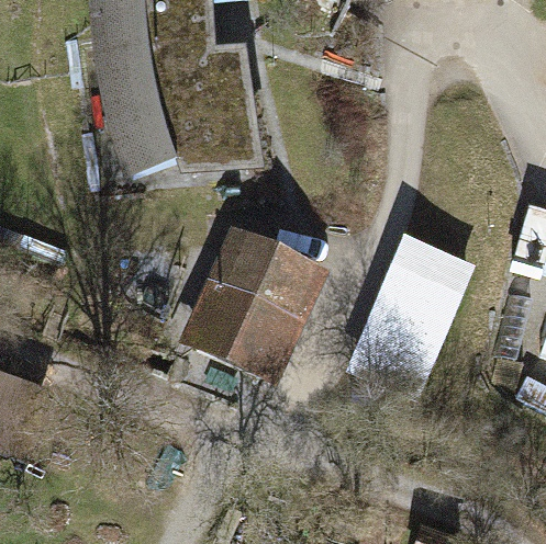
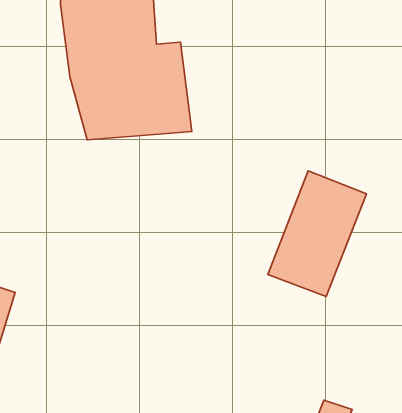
building: [187,234,314,366] -> none

